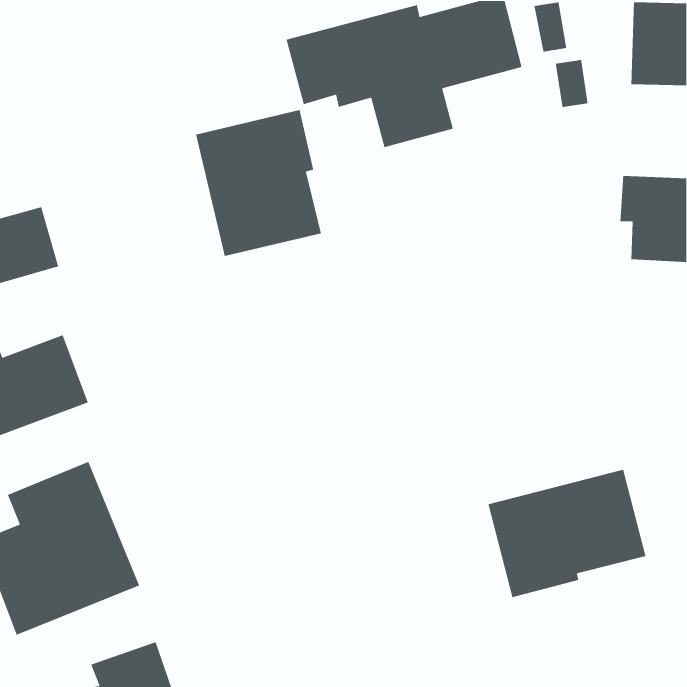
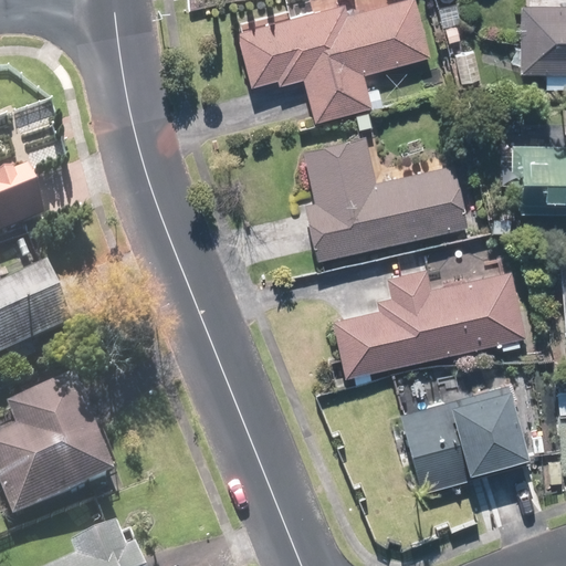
building: [195,109,322,257] -> none
building: none -> [303,133,471,262]
building: none -> [334,265,526,392]

